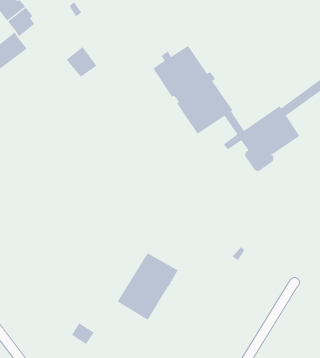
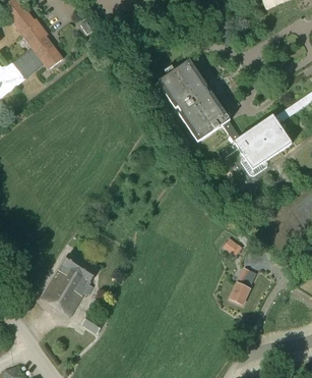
building: [66,46,97,78] -> [35,41,63,69]
building: [117,252,178,321] -> [42,254,98,316]
building: none -> [229,268,256,305]

